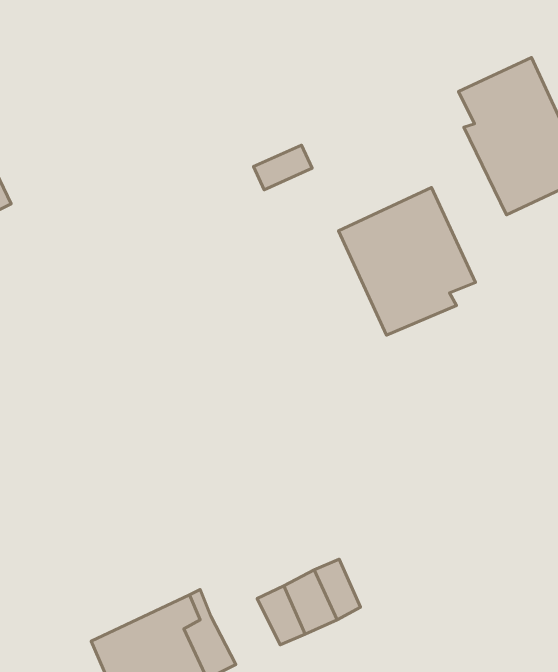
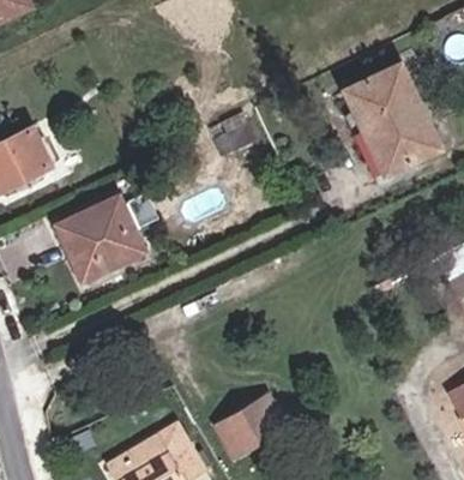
building: [338,187,476,335] -> none
building: none -> [58,197,141,278]

